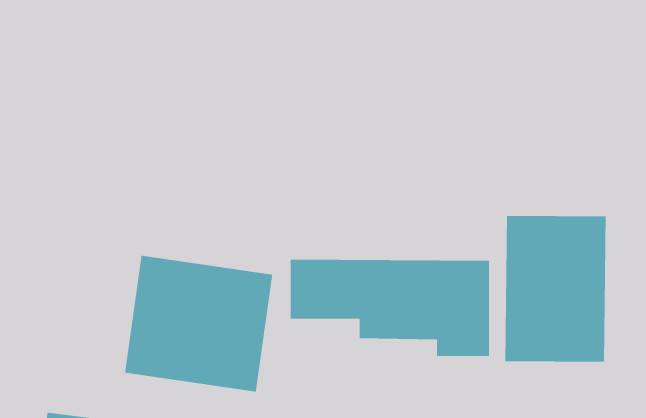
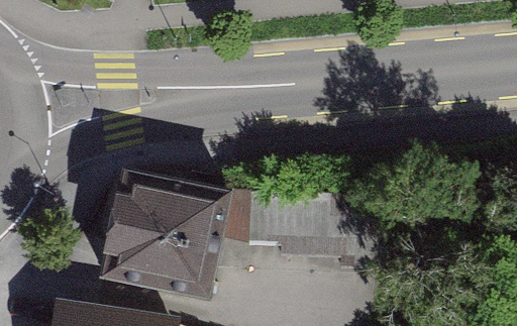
building: [504,215,606,362] -> none

